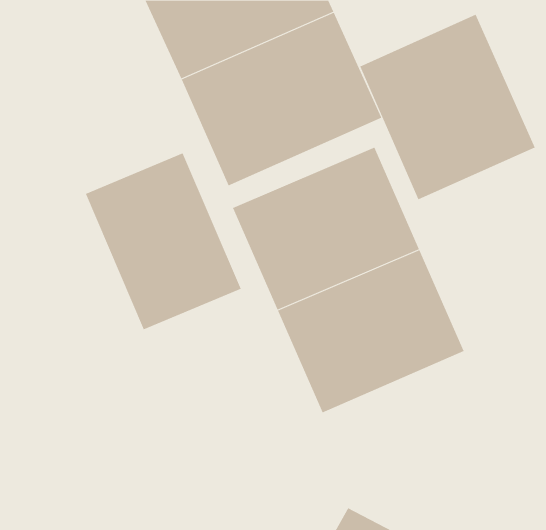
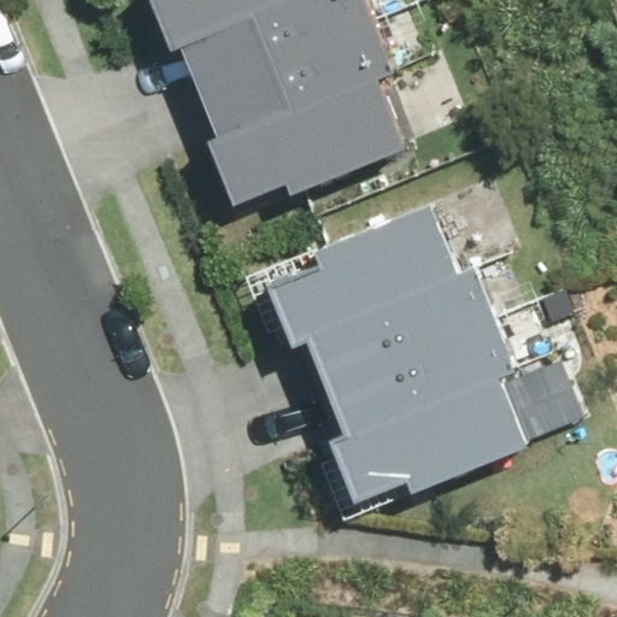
building: [360,14,536,200] -> none
building: [85,153,241,330] -> none

